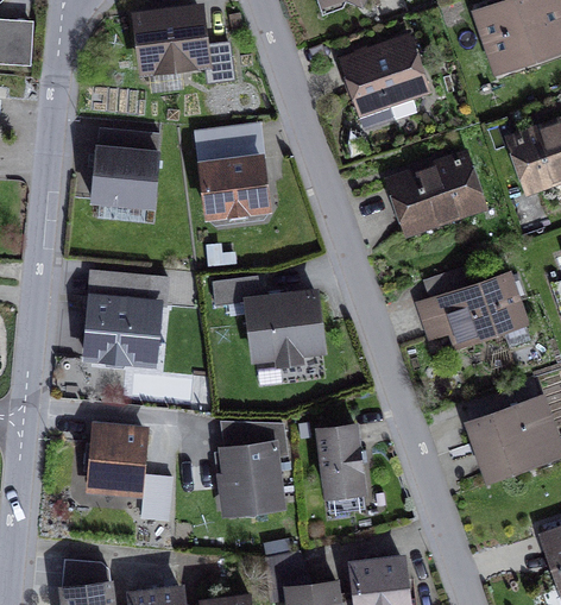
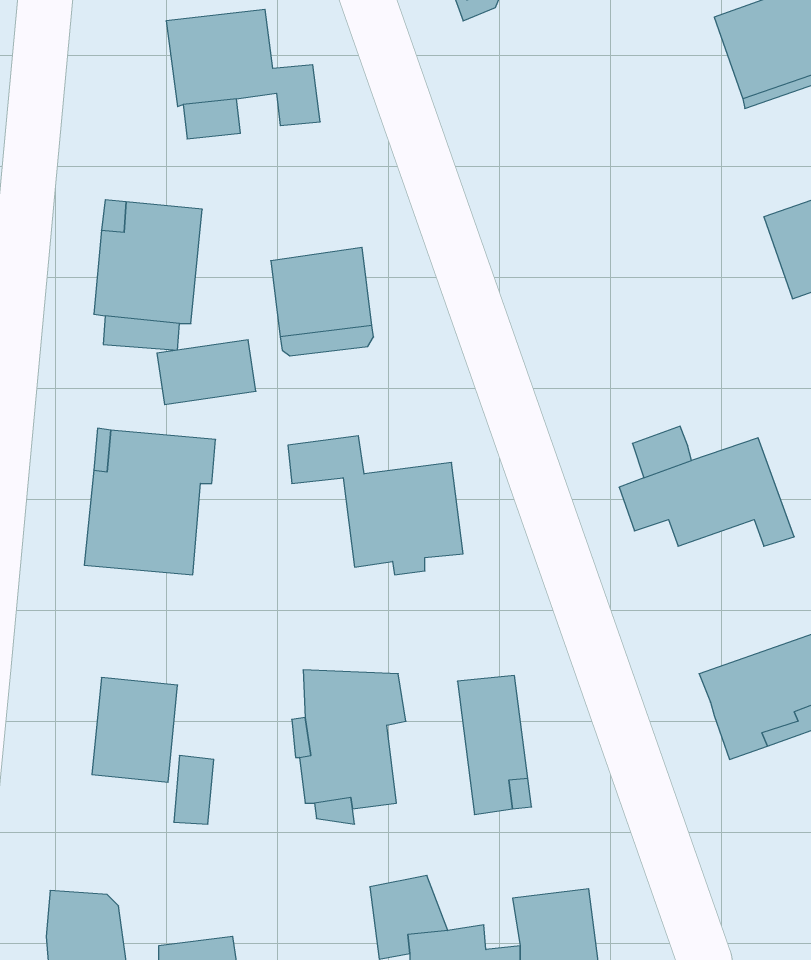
building: [343,39,426,126] -> none
building: [197,126,259,166] -> [157,340,256,405]
building: [390,155,483,232] -> none

